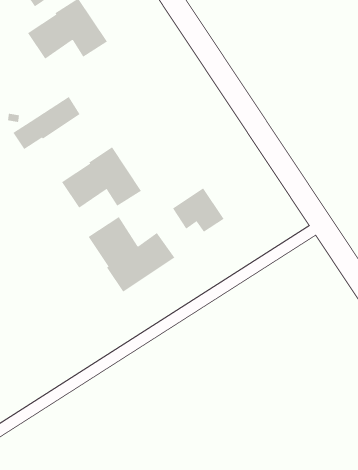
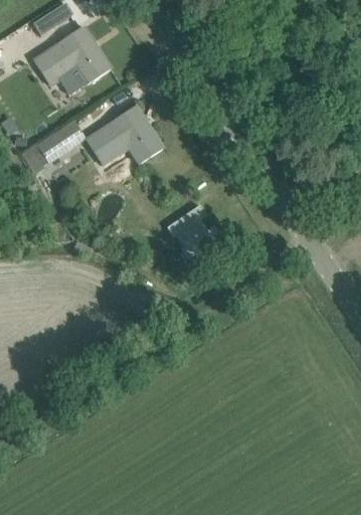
building: [61,147,142,209] -> [85,106,163,165]
building: [88,216,175,292] -> none

